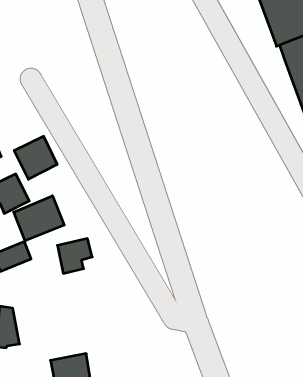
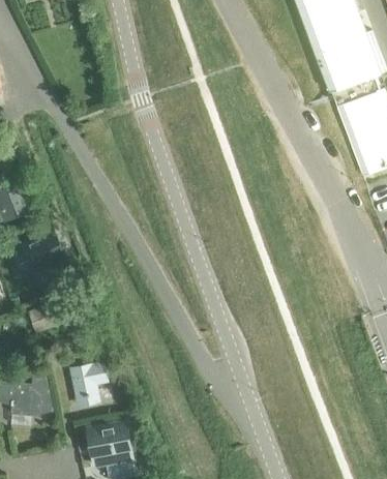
building: [14,136,57,179] -> none
building: [14,196,64,241] -> none
building: [57,239,92,273] -> [70,361,108,398]

